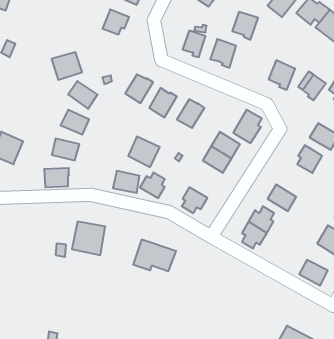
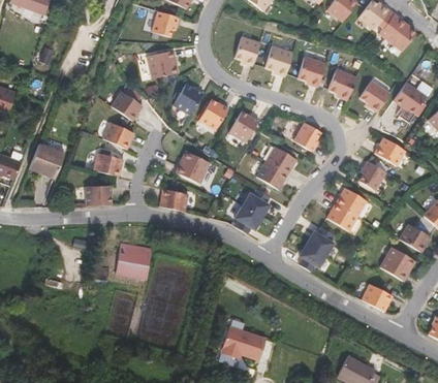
building: [232,12,258,40] -> [299,57,326,87]
building: [52,52,82,80] -> [148,50,181,79]
building: none -> [337,187,368,216]
building: [140,172,165,198] -> [243,189,270,217]
building: [133,240,176,271] -> [222,325,269,359]

